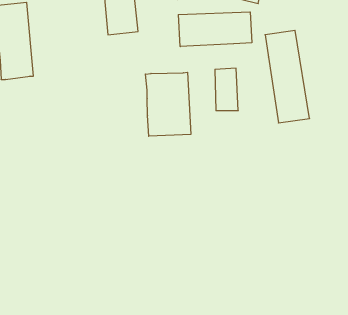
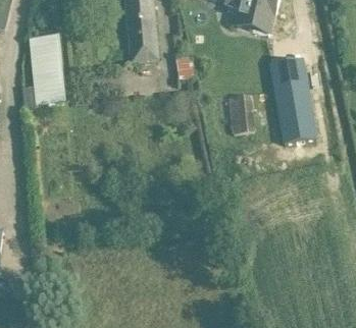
building: [178,12,252,47] -> none
building: [145,72,191,136] -> none

